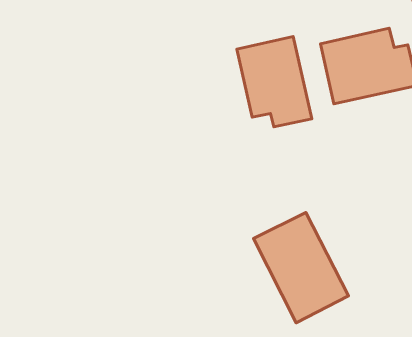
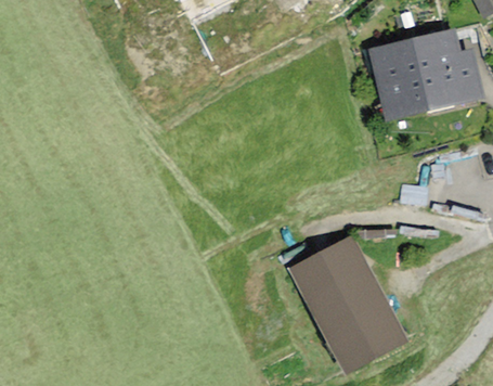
building: [237,37,312,127] -> none

